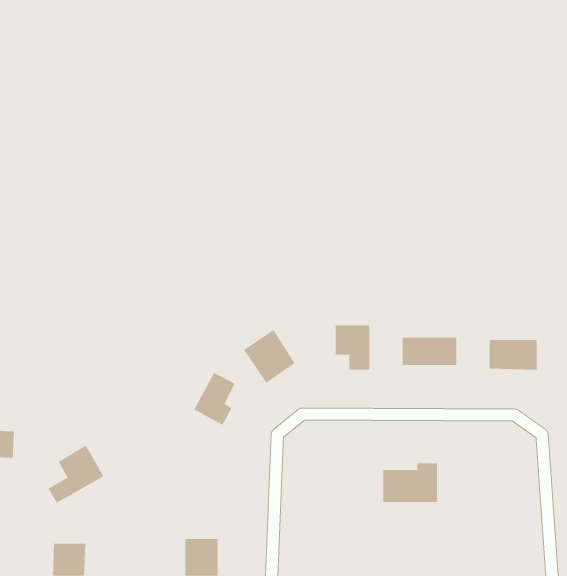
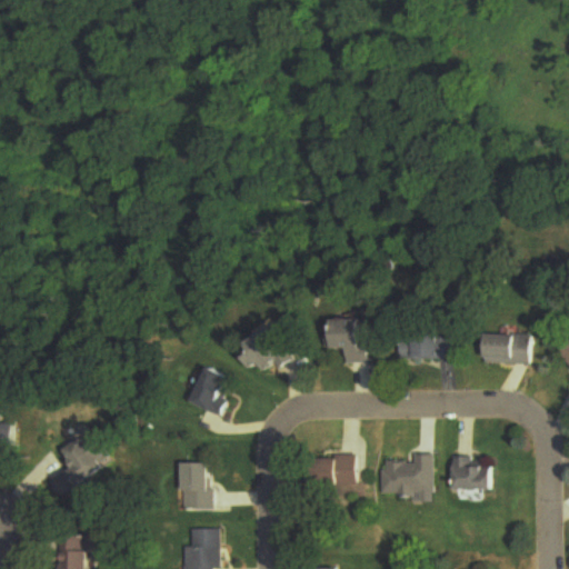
building: none -> [309,456,355,485]
building: none -> [449,456,491,490]
building: none -> [180,462,207,509]

